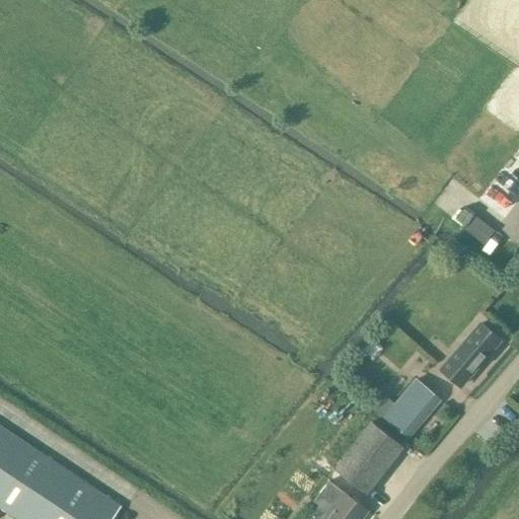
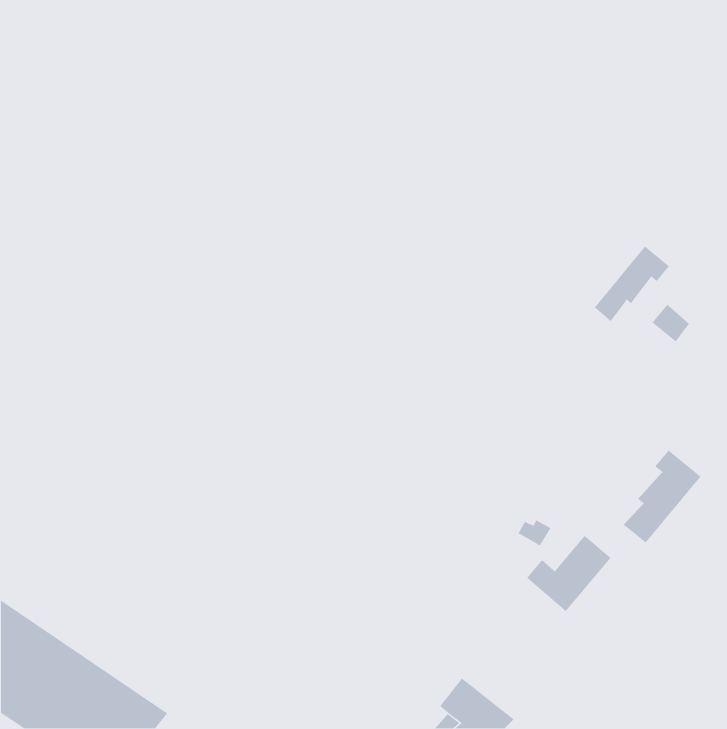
building: none -> [594,246,670,322]
building: [335,423,403,496] -> none

